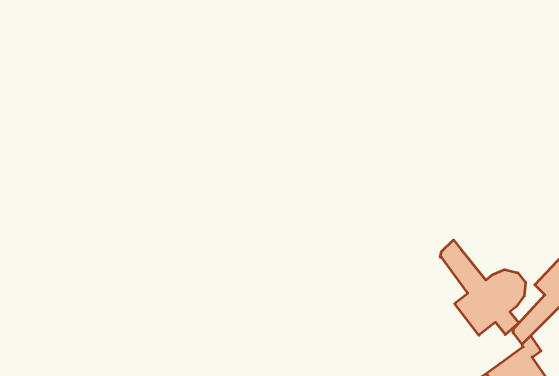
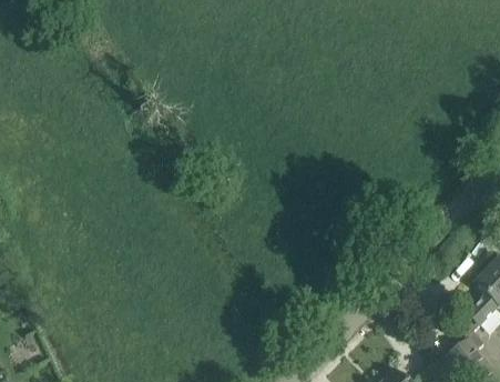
building: [440,240,526,335] -> none

